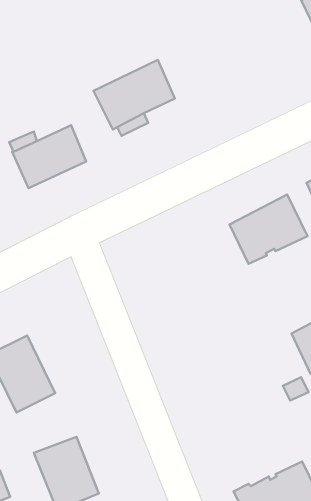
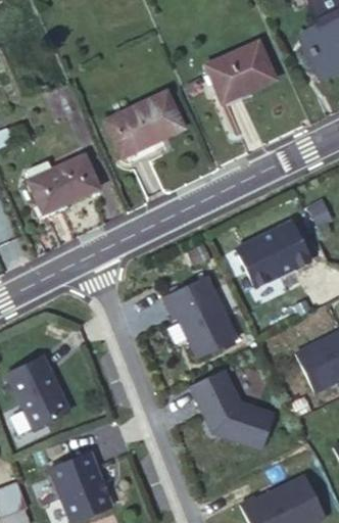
building: none -> [205,43,275,103]
building: none -> [163,276,237,359]
building: none -> [190,370,274,449]

